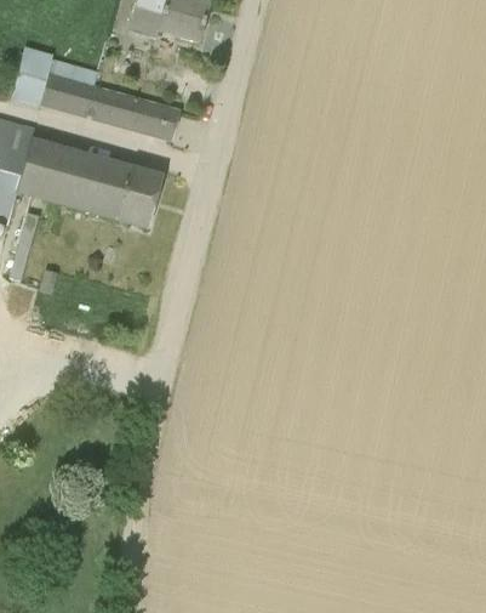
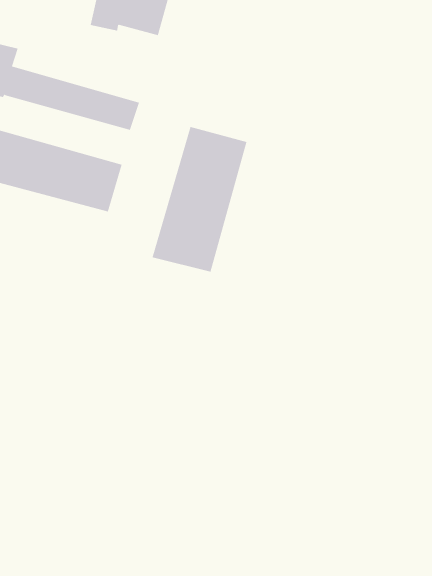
building: none -> [152,126,247,273]

